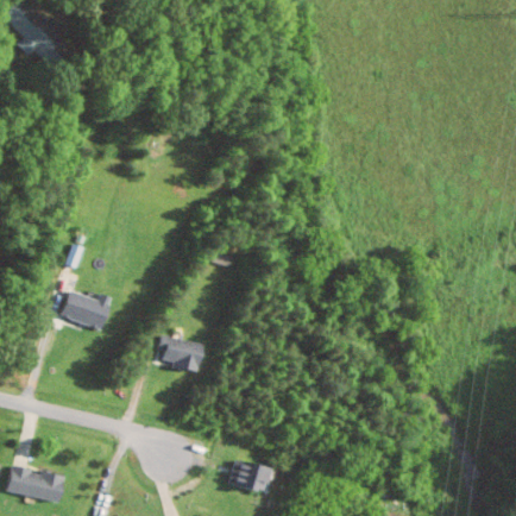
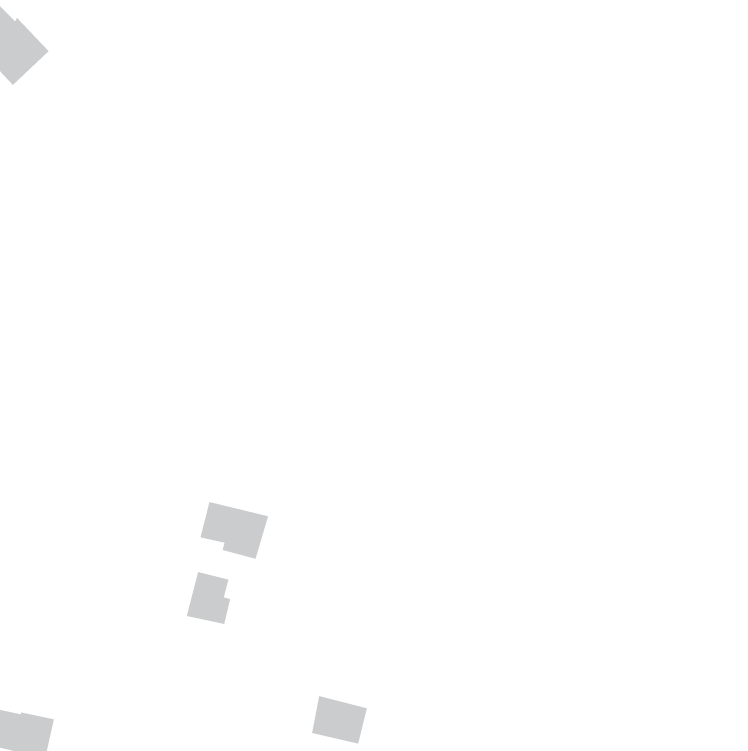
building: [61,290,111,331] -> none
building: none -> [186,571,231,625]

